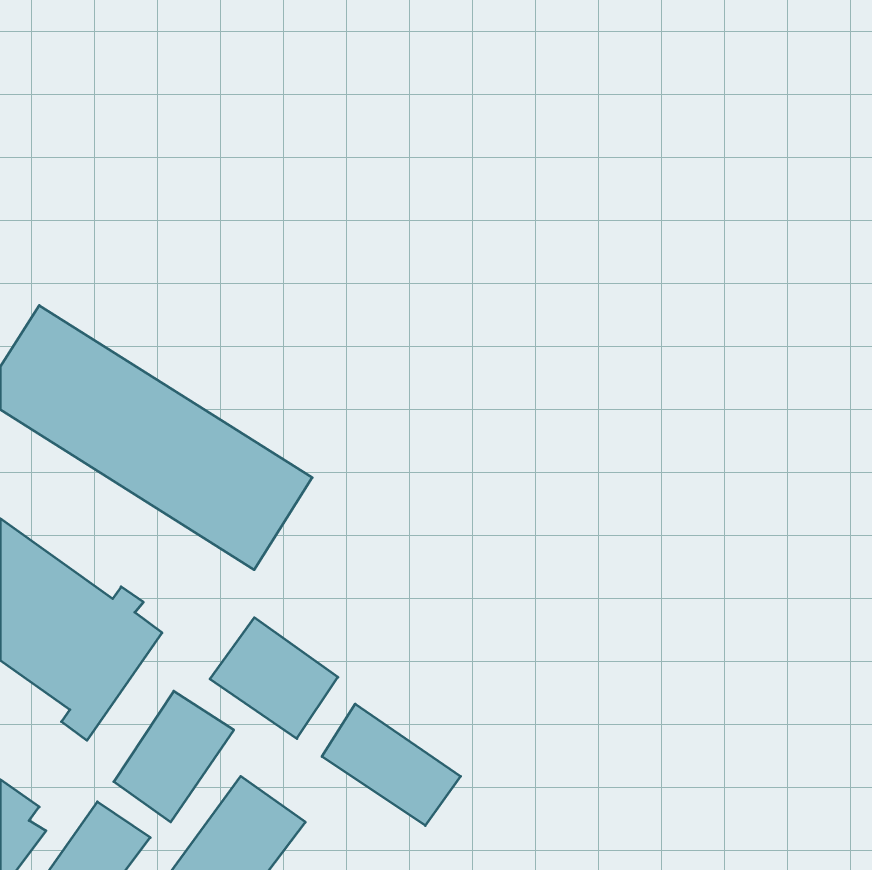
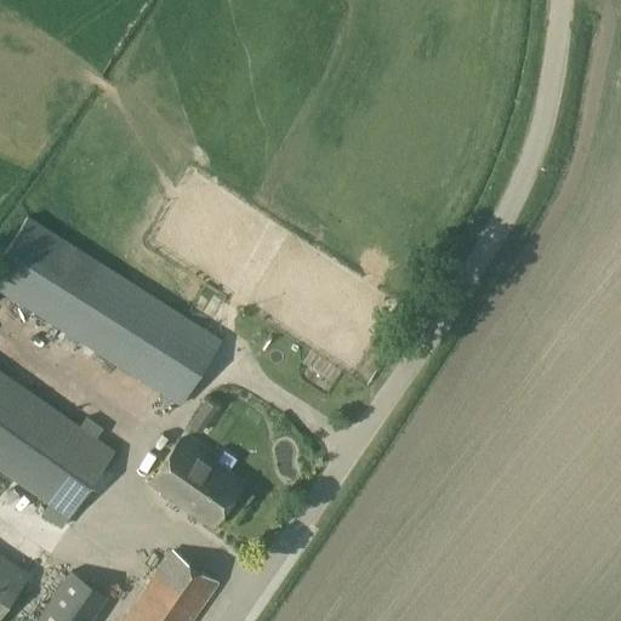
building: [114,691,234,822] -> none
building: [322,704,461,826] -> none

